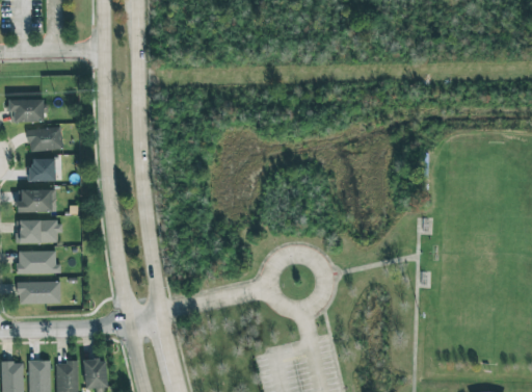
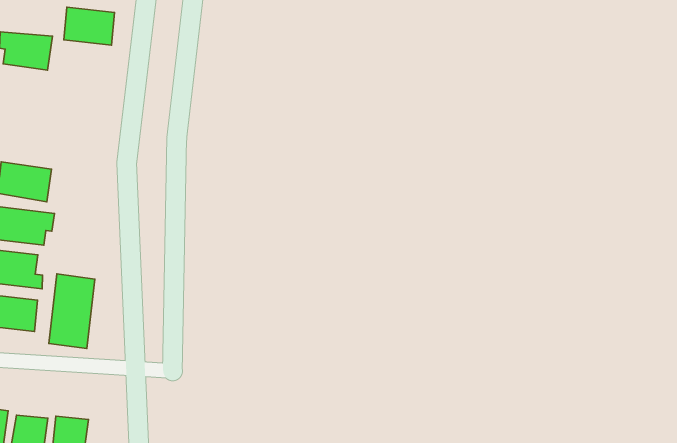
building: [27,127,61,151] -> [64,7,115,45]
building: [29,158,55,181] -> none
building: none -> [49,274,95,349]

